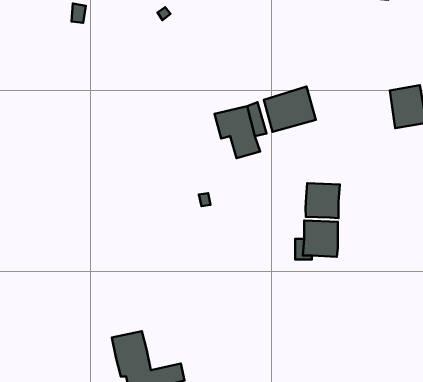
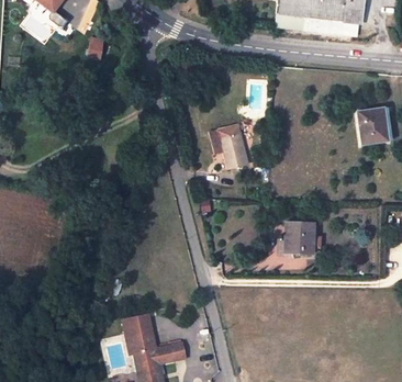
building: [264,87,316,132] -> none
building: [305,183,340,218] -> none

